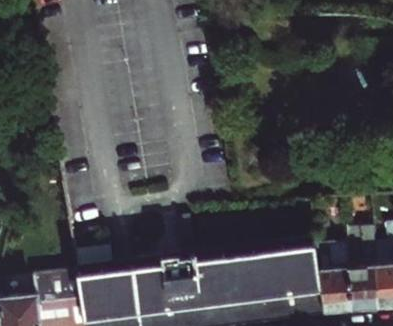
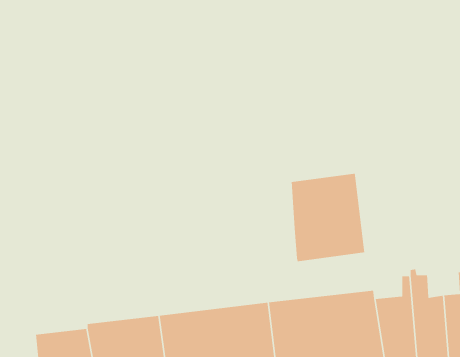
building: none -> [291,173,365,262]

